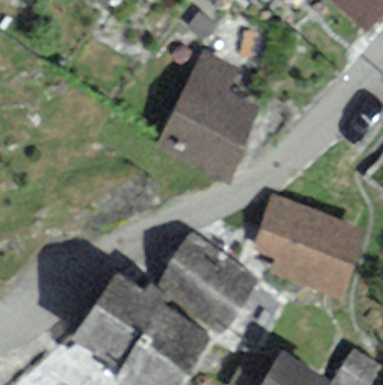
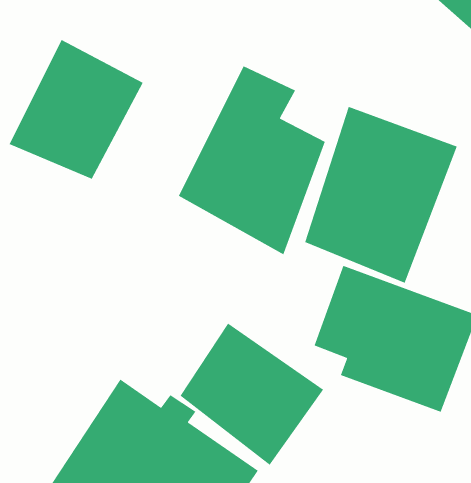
building: none -> [9,39,144,180]
building: none -> [304,106,458,284]

